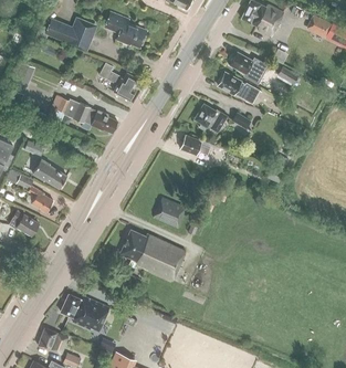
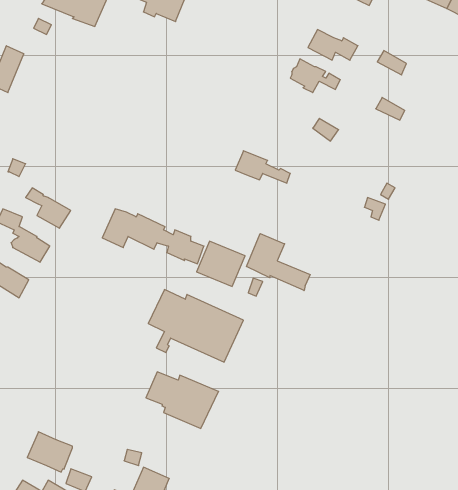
building: [98,63,138,99] -> none
building: [46,95,116,133] -> [102,209,204,264]
building: [195,104,227,132] -> none
building: none -> [247,234,310,291]
building: [60,294,109,333] -> [146,372,219,428]

